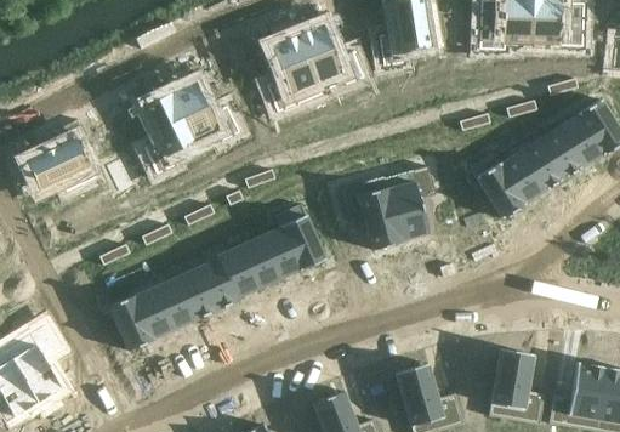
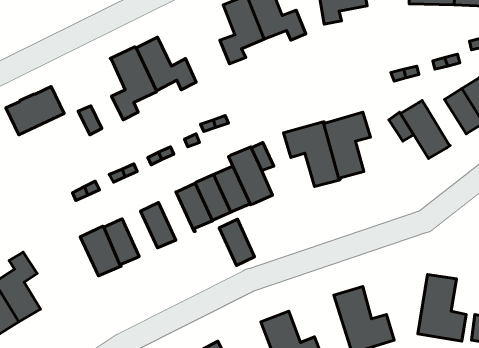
building: [500,150,544,201] -> none
building: [197,257,237,309] -> [219,219,255,265]
building: [155,277,195,328] -> none

